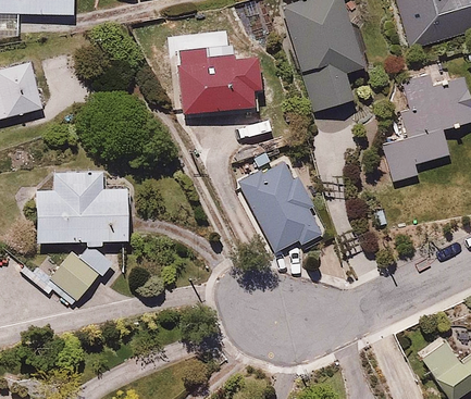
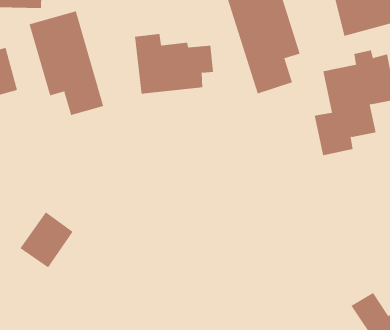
building: none -> [29,10,104,116]
building: [234,151,327,257] -> none
building: [32,173,123,242] -> none

